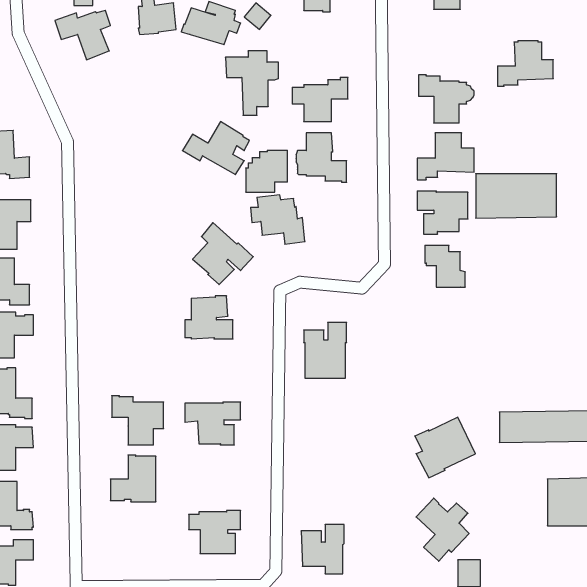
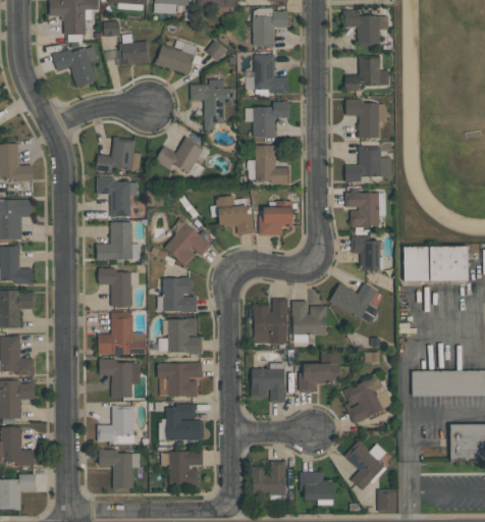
building: none -> [254,53,287,94]
building: [498,41,553,86] -> [344,54,389,91]
building: none -> [95,136,141,172]
building: [246,150,287,192] -> [258,200,291,233]
building: none -> [96,176,139,217]
building: [476,174,557,218] -> [402,246,468,281]
building: none -> [96,221,140,259]
building: none -> [98,267,139,307]
building: none -> [329,282,378,323]
building: none -> [291,300,326,342]
building: none -> [97,311,146,354]
building: none -> [158,317,202,353]
building: none -> [298,352,339,392]
building: none -> [251,362,285,402]
building: none -> [158,403,203,439]
building: none -> [98,448,140,487]
building: none -> [299,471,333,505]

